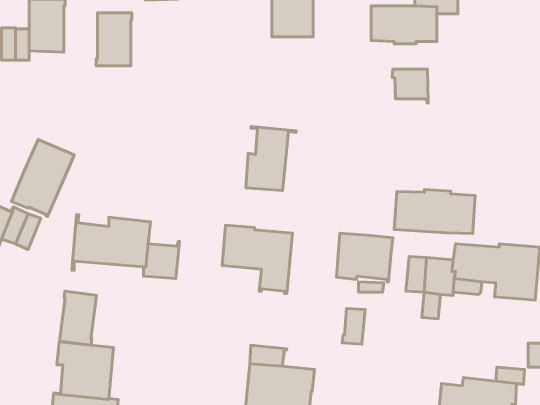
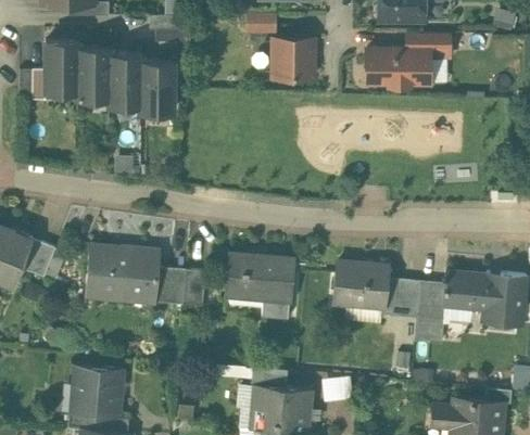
building: none -> [77,49,111,99]
building: none -> [140,62,174,112]
building: [392,69,428,103] -> none
building: [246,126,296,191] -> none
building: [11,139,74,217] -> none
building: [394,190,475,233] -> none
building: none -> [184,270,206,307]
building: [60,291,96,345] -> none
building: [342,308,365,344] -> [381,283,403,317]

